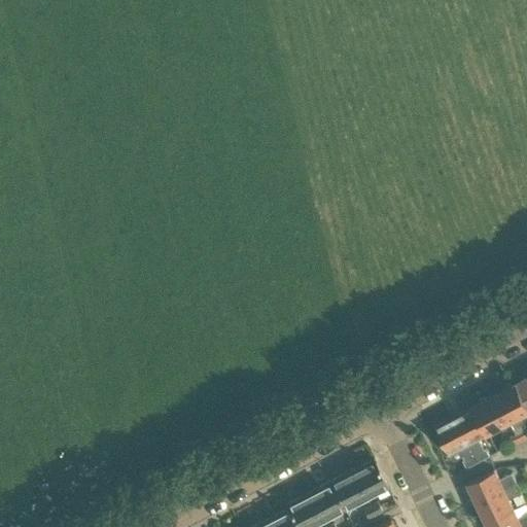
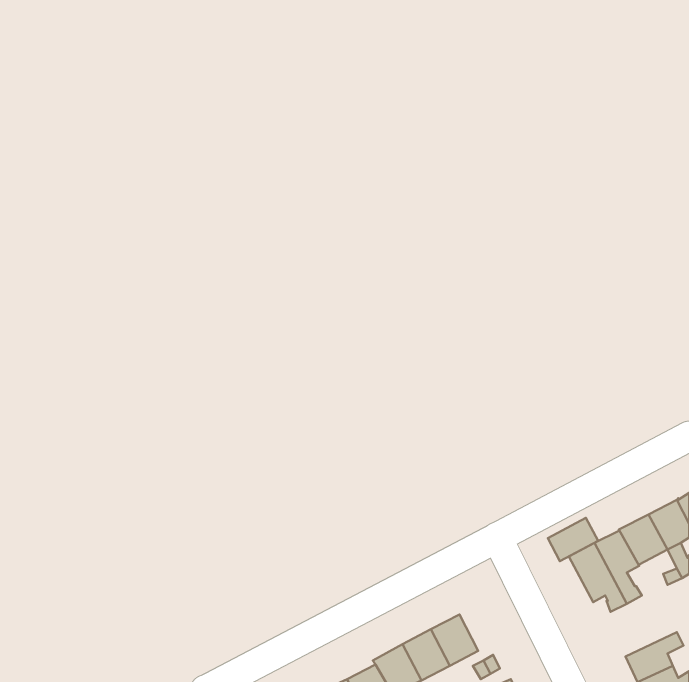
building: none -> [548,518,598,561]
building: [350,463,387,502] -> none
building: [467,473,516,506] -> none

